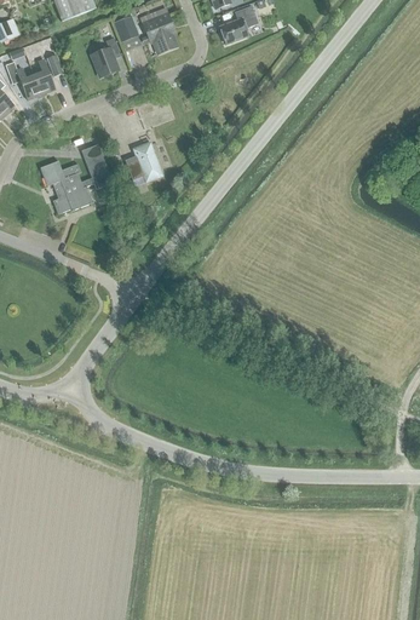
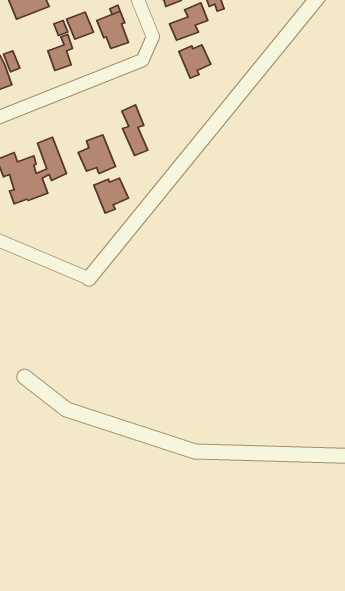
building: none -> [179,45,211,78]
building: none -> [122,105,148,155]
building: none -> [94,178,129,213]

